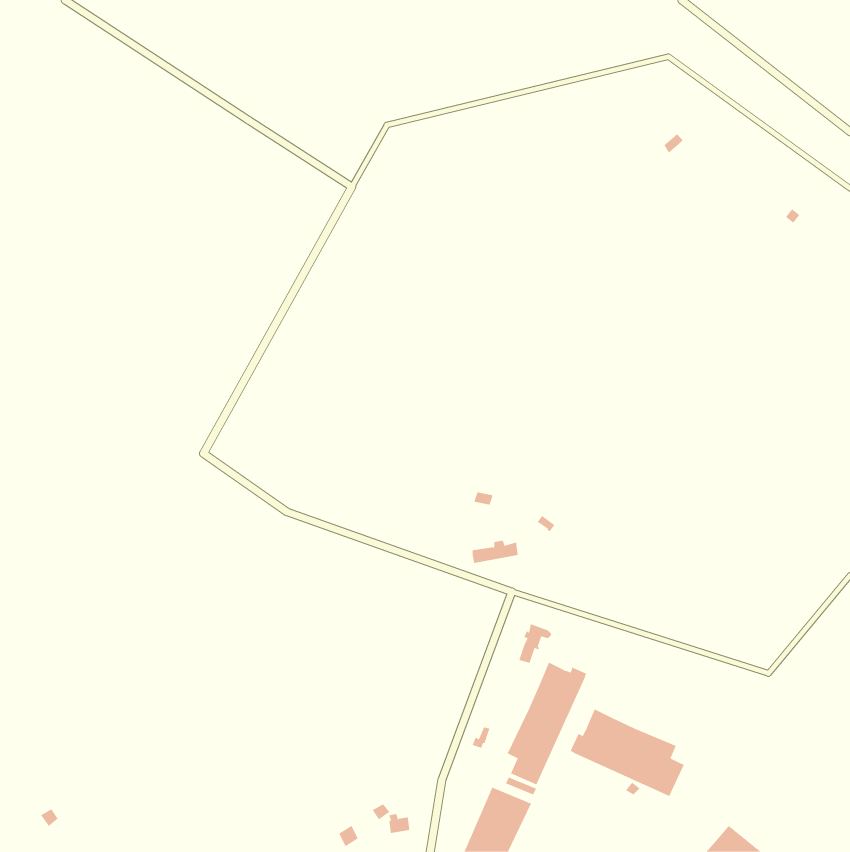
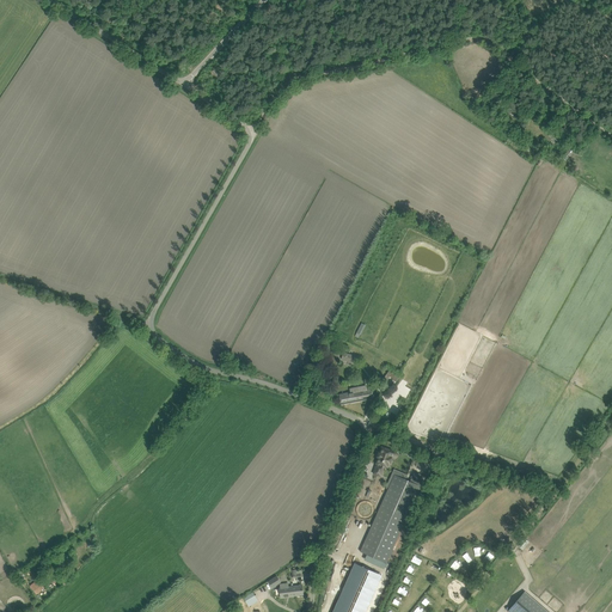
building: [570,708,685,797] -> none

